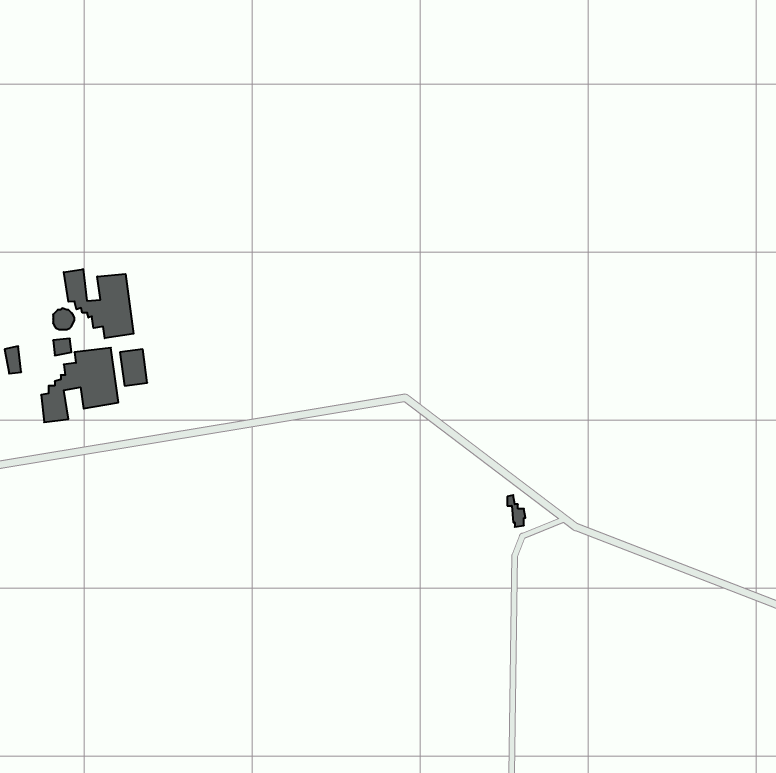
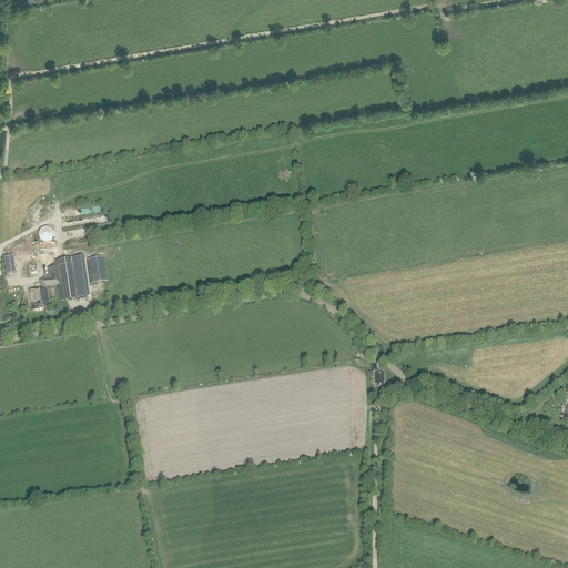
building: [64,269,134,338] -> none

